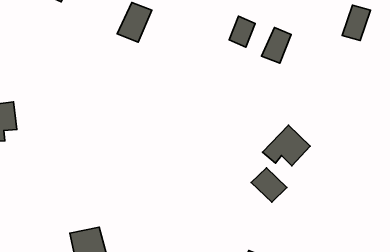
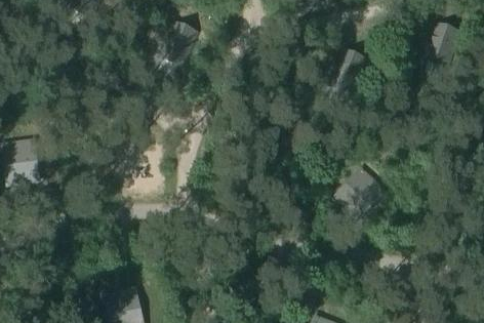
building: [229,16,255,47] -> none
building: [251,168,287,202] -> none

